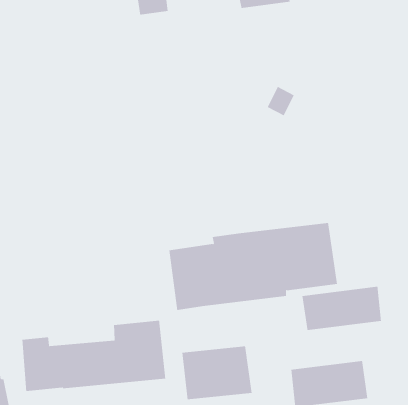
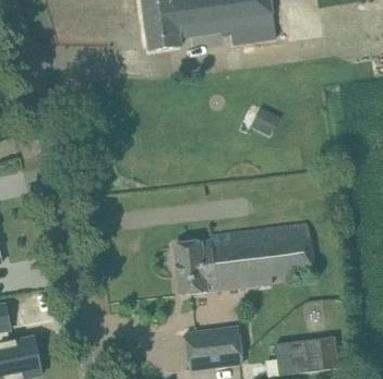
building: [302,286,382,331] -> none
building: [22,320,166,392] -> none

